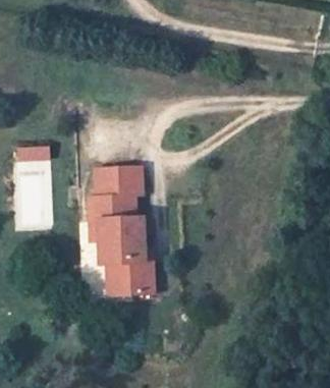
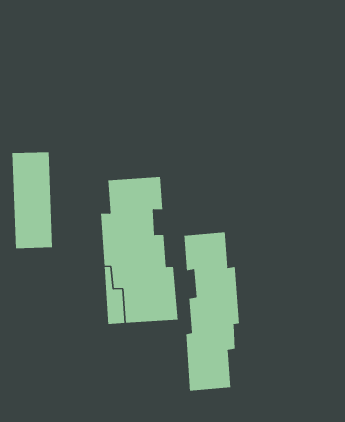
building: none -> [184,231,240,392]

